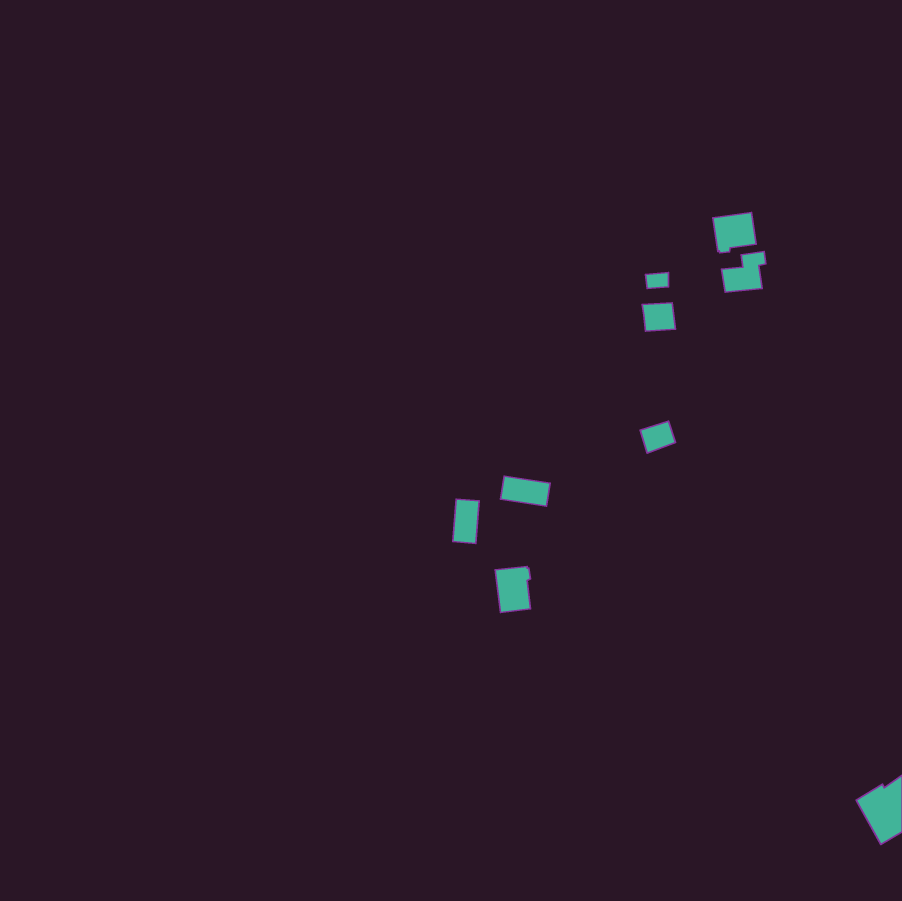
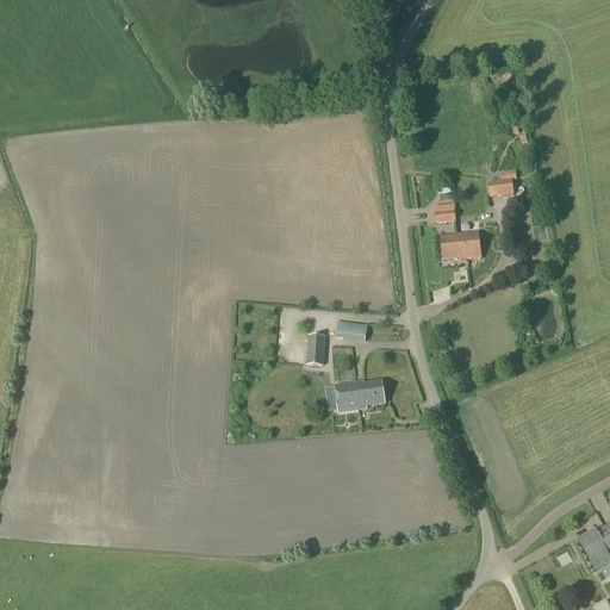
building: [713,212,756,253] -> none
building: none -> [440,231,480,260]
building: none -> [355,380,385,410]

